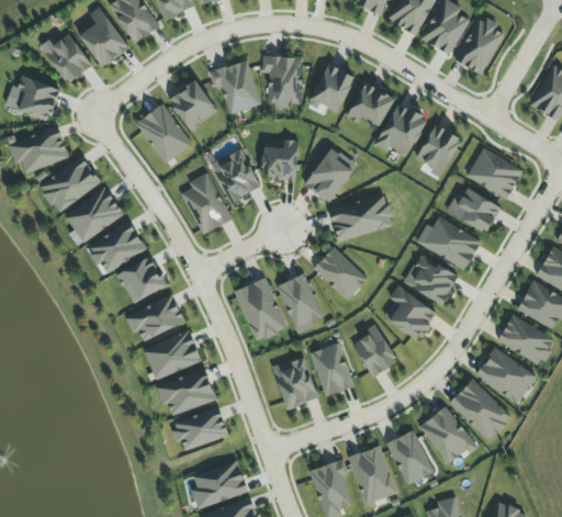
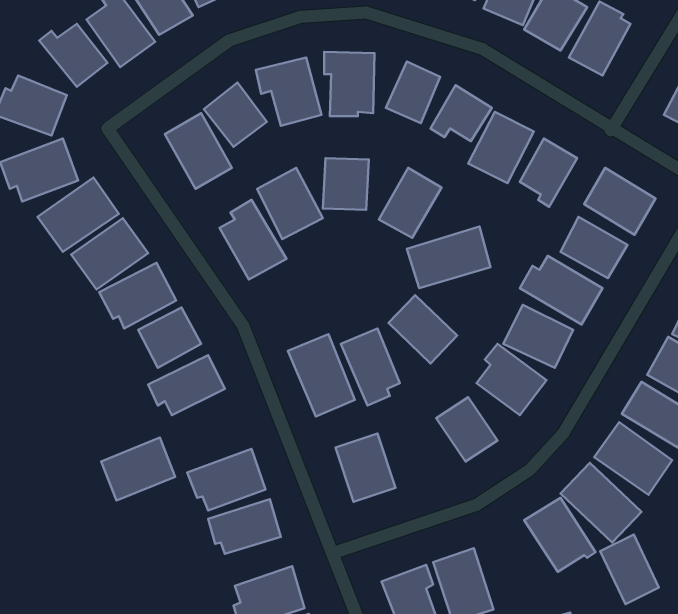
building: [144,330,202,380] -> [101,438,175,500]
building: [311,342,355,396] -> none
building: [387,430,434,485] -> [600,534,659,604]

